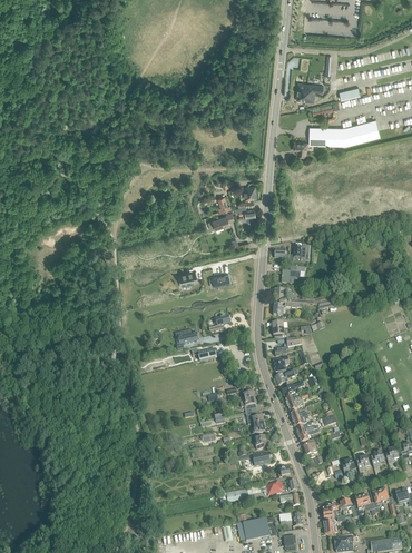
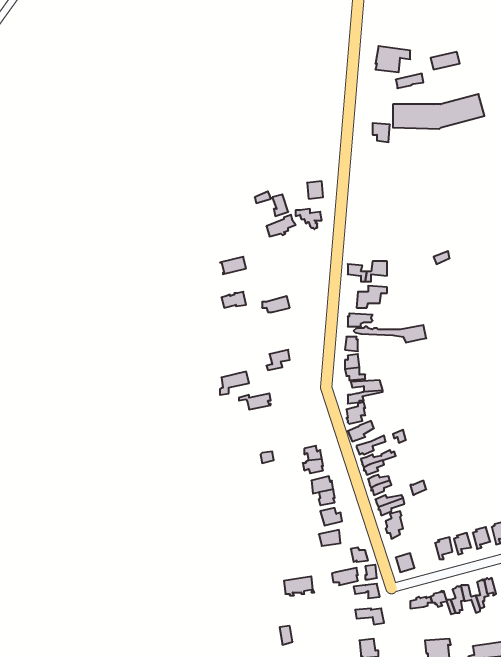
building: [237,516,276,540] -> none

